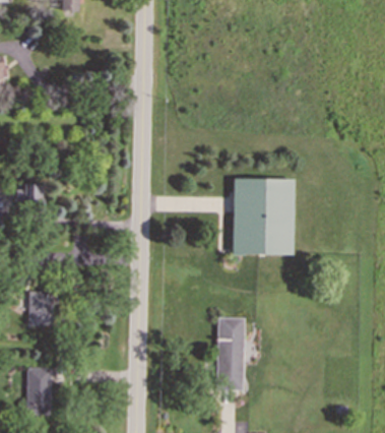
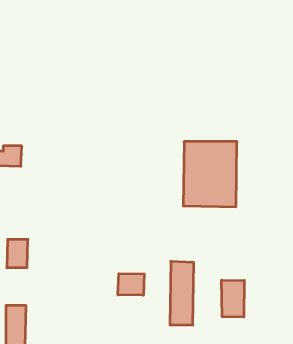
building: none -> [118,274,144,295]
building: none -> [222,280,244,317]

